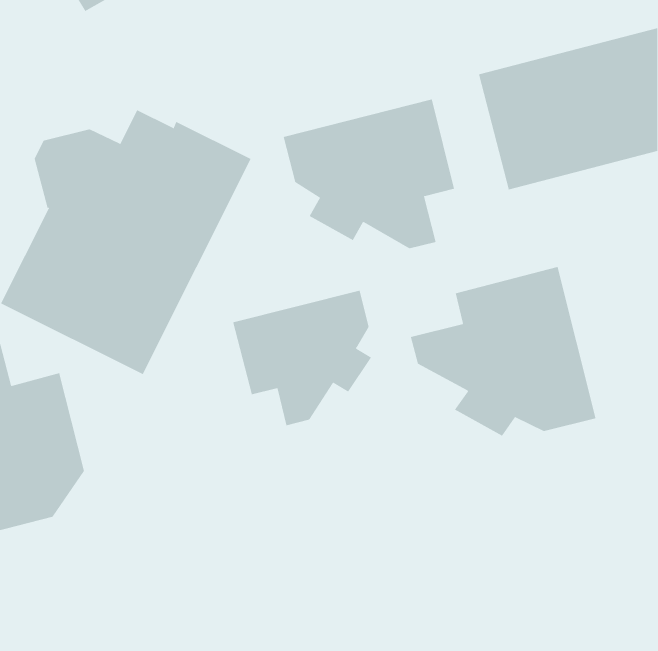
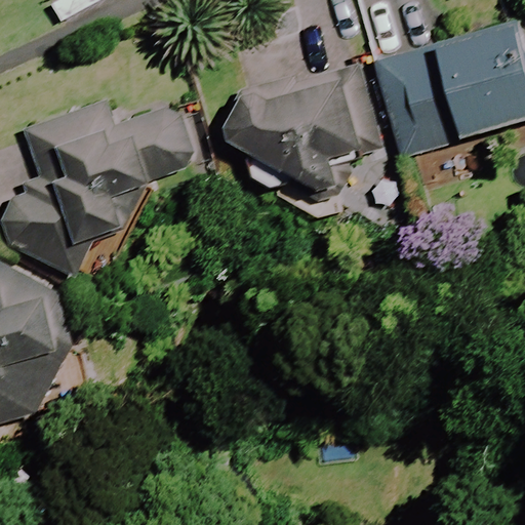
building: [410,266,596,437] -> none
building: [233,290,372,426] -> none

